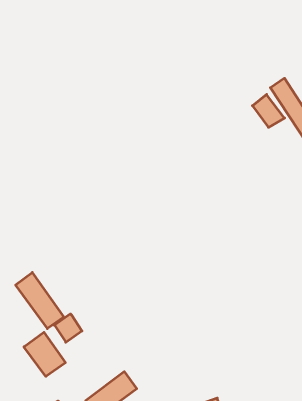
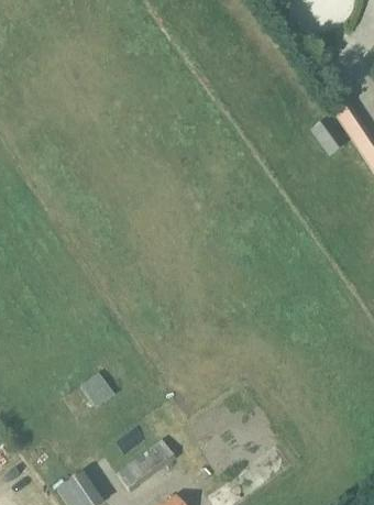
building: [16,272,64,329] -> none
building: [24,332,65,376] -> none

